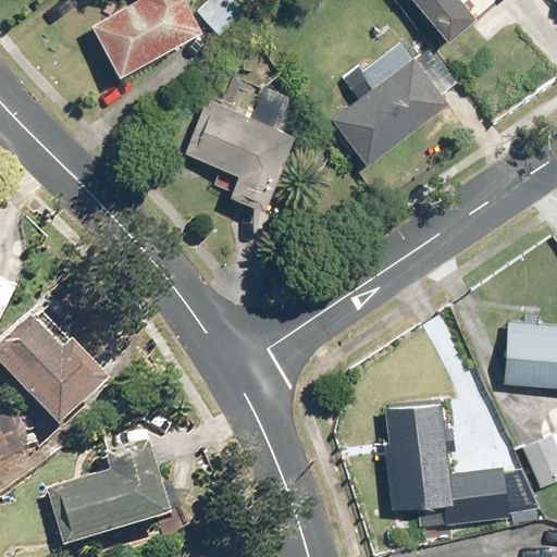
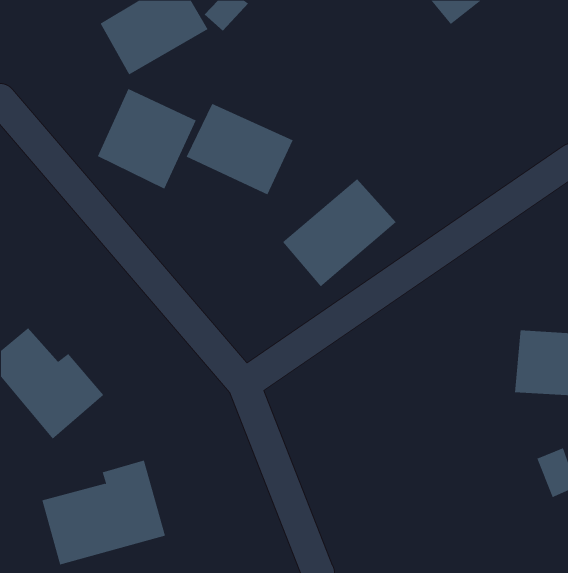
building: [333,59,444,164] -> [282,178,397,287]
building: none -> [97,88,197,189]
building: [385,401,510,525] -> none

